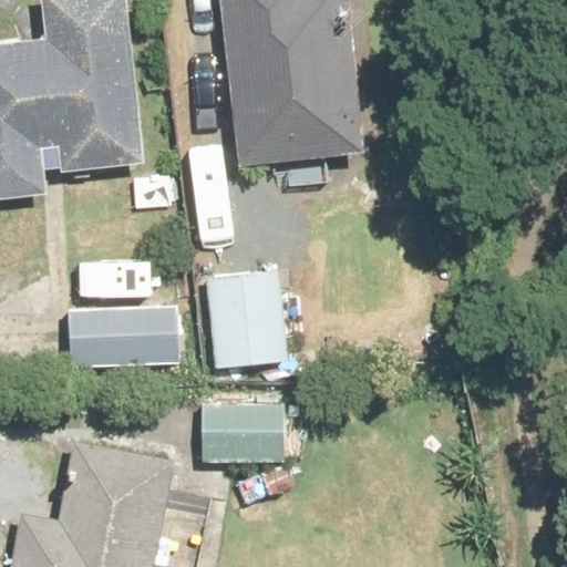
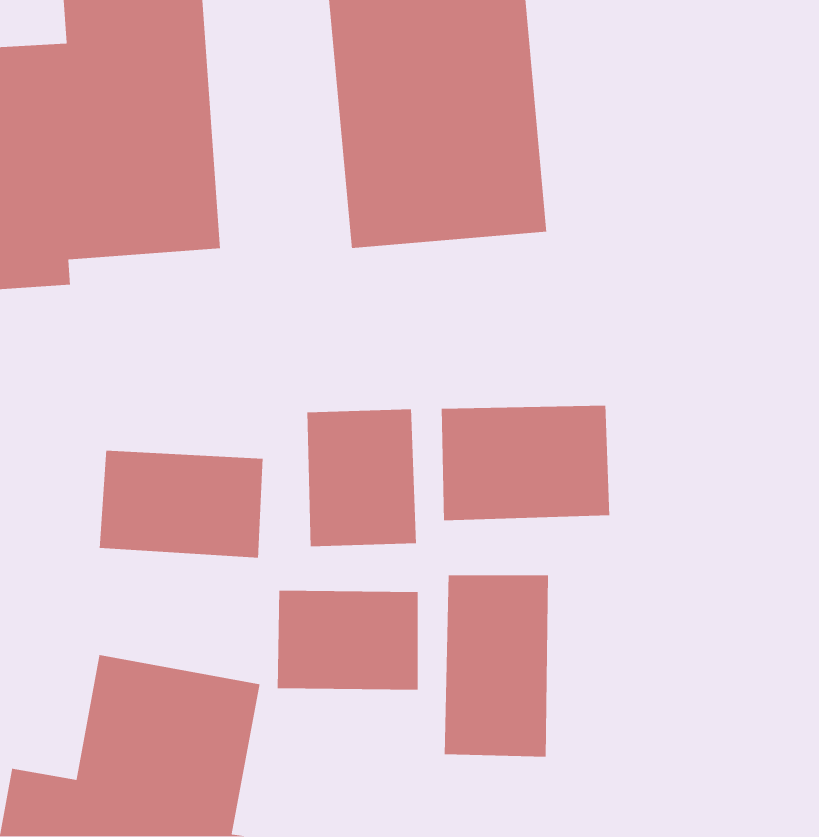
building: none -> [441,405,610,521]
building: none -> [444,574,549,758]

